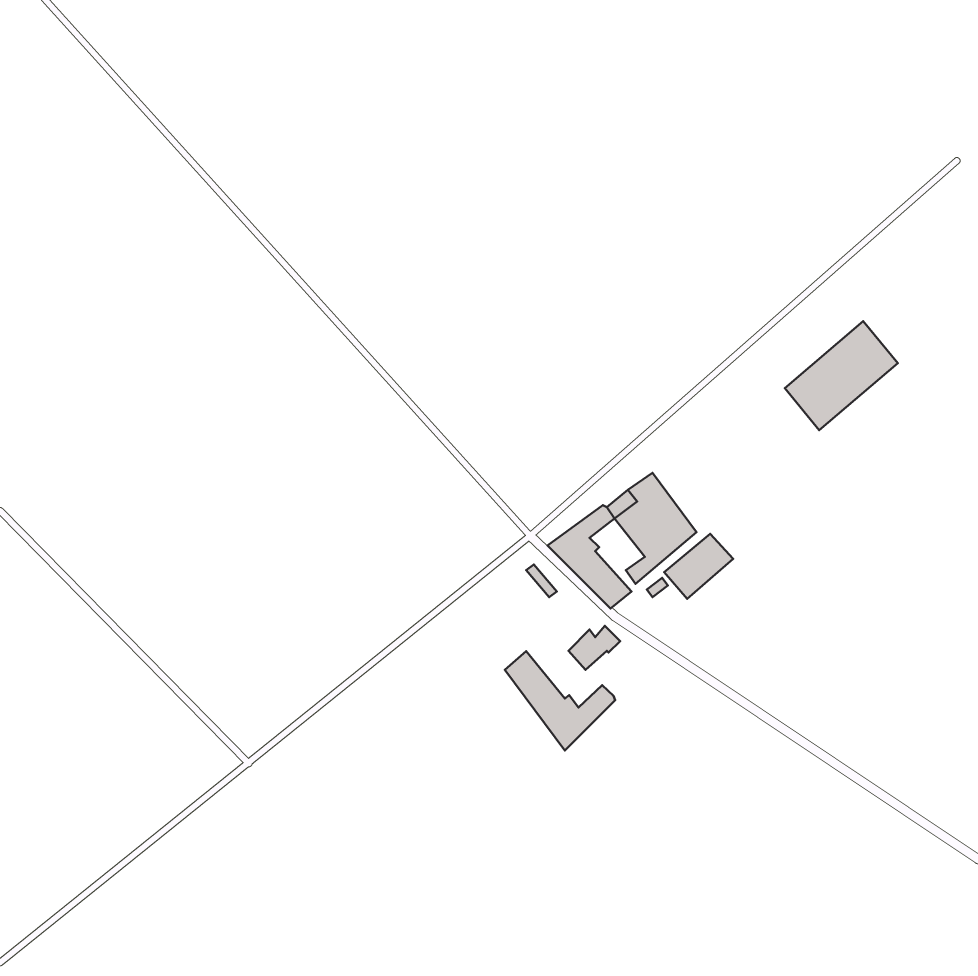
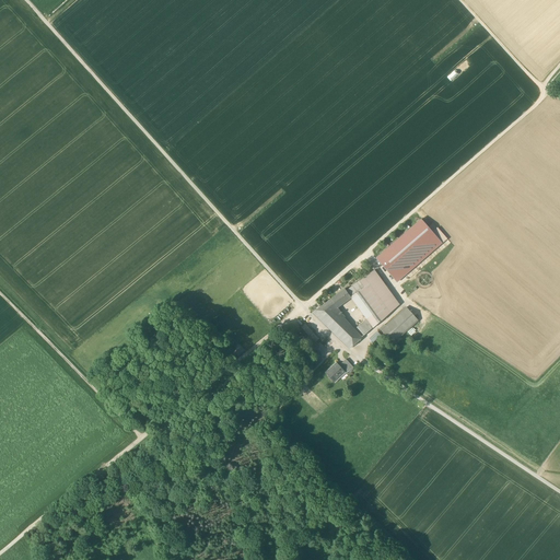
building: [785,321,898,430] -> [376,219,441,281]
building: [505,651,615,750] -> none

